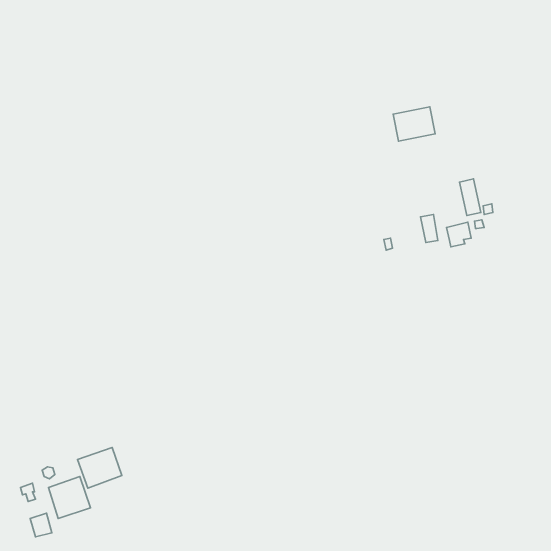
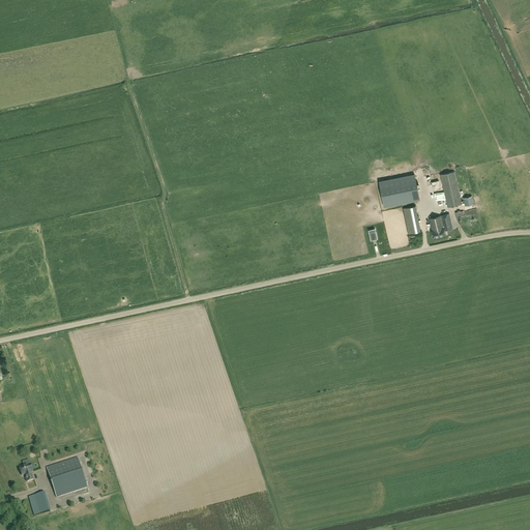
building: [393,107,435,141] -> [379,174,419,207]
building: [78,448,122,488] -> none

